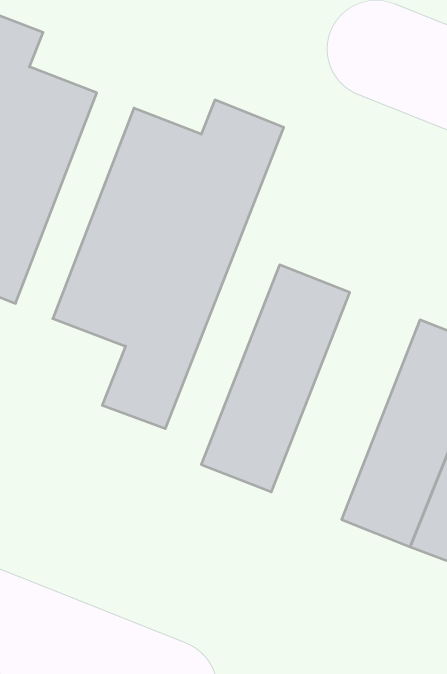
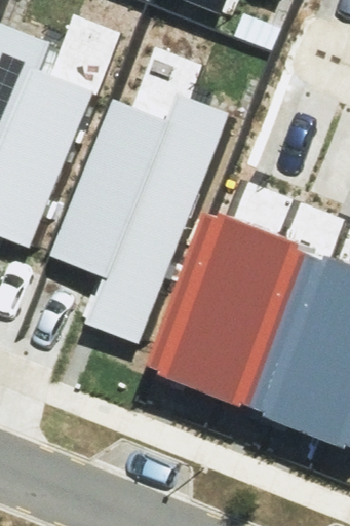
building: none -> [218,238,328,408]

